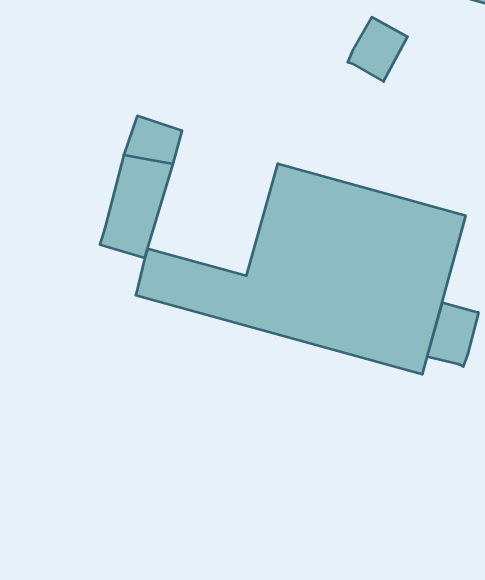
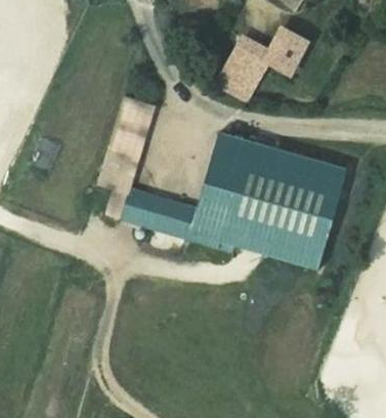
building: none -> [214,38,268,102]
building: [427,303,478,367] -> none

